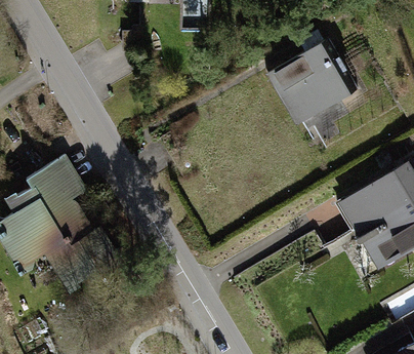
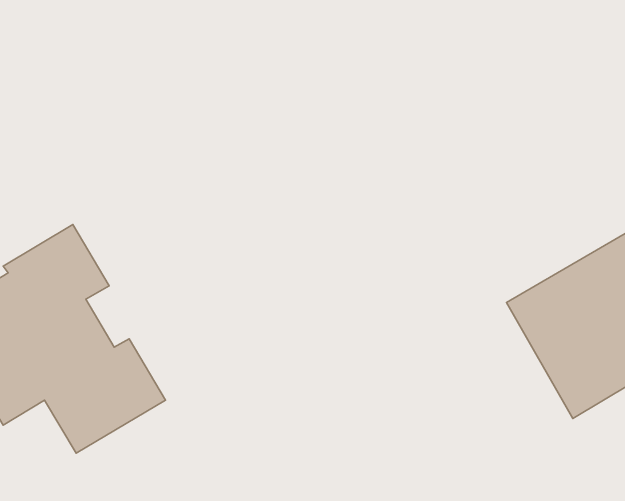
building: [271,44,356,139] -> none

